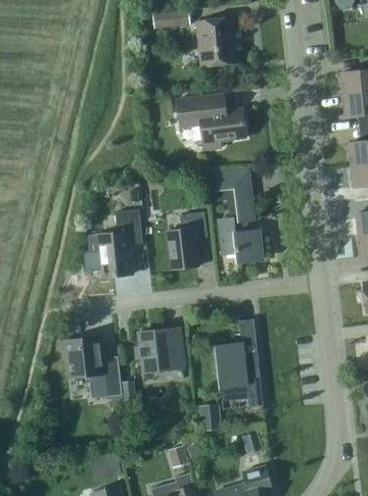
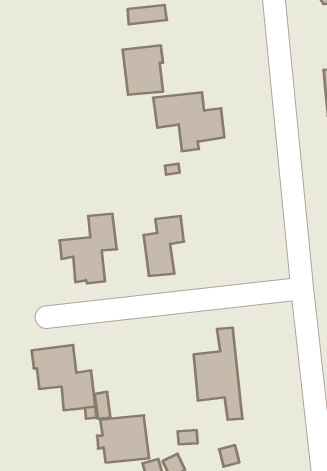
building: [195,18,234,65] -> [123,46,163,95]
building: [214,171,261,262] -> none
building: [135,328,185,373] -> [97,415,149,462]

